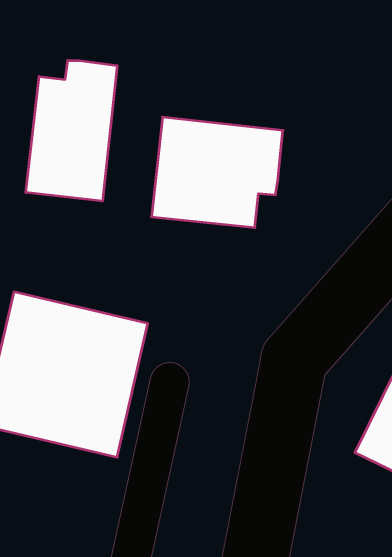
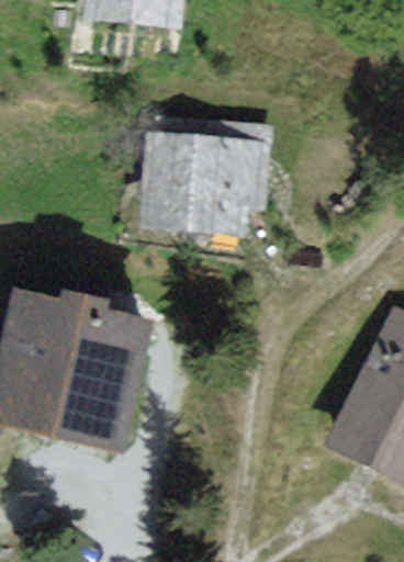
building: [26,60,117,201] -> none

